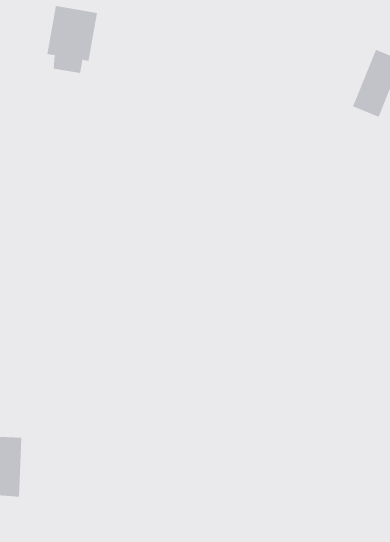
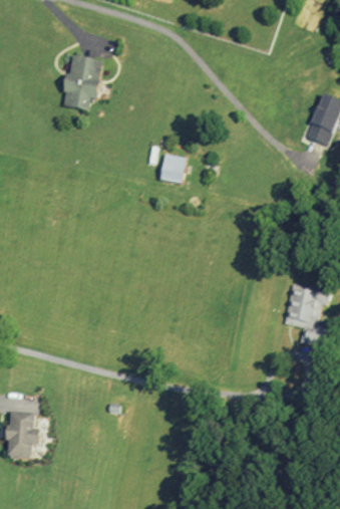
building: none -> [159,152,188,183]
building: none -> [287,283,331,344]

